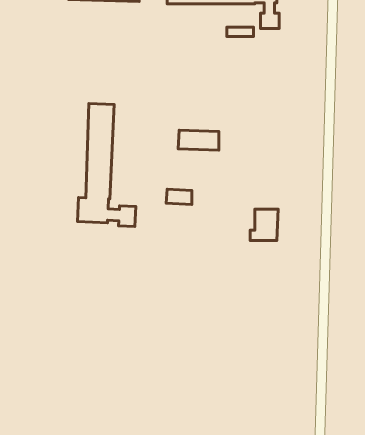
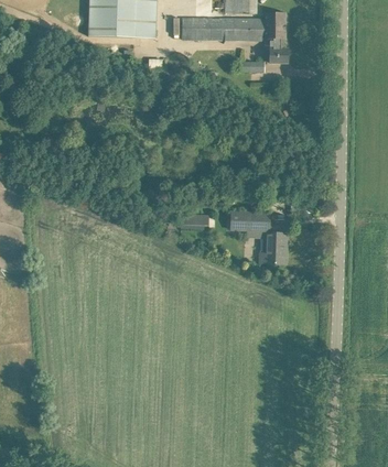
building: [77,103,136,227] -> none
building: [178,130,219,150] -> [230,211,269,230]

